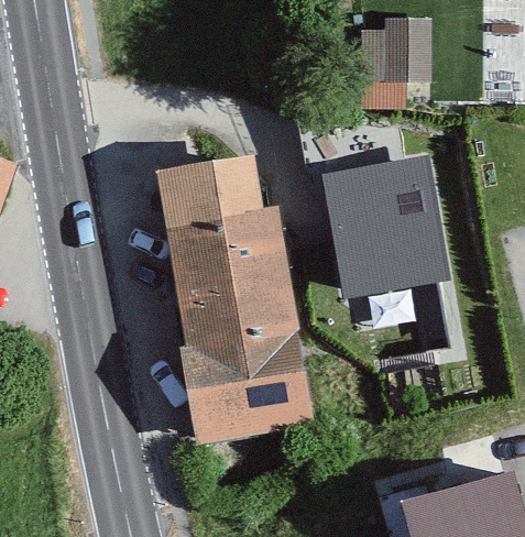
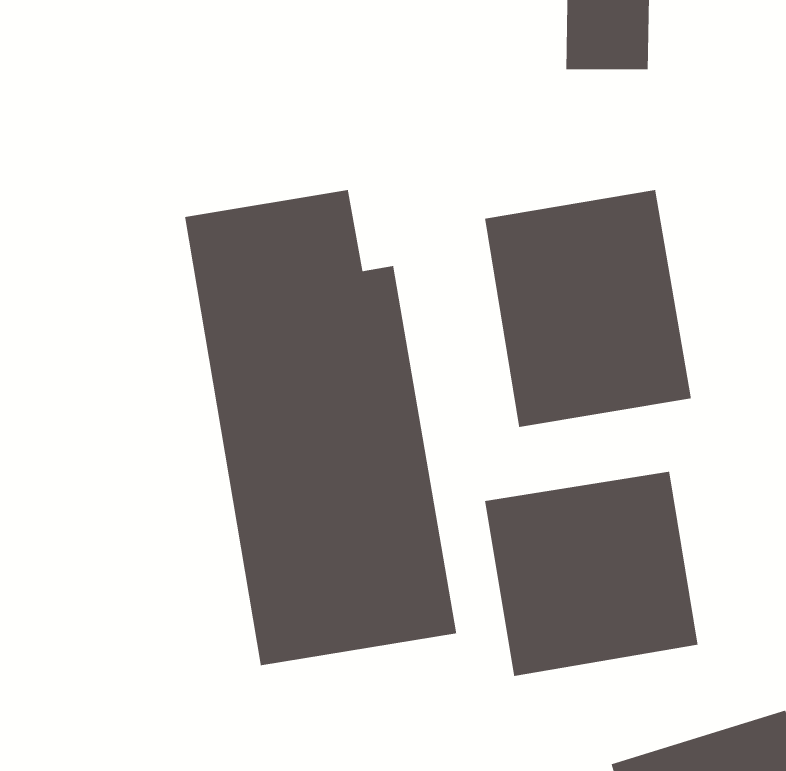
building: none -> [484,471,699,677]

